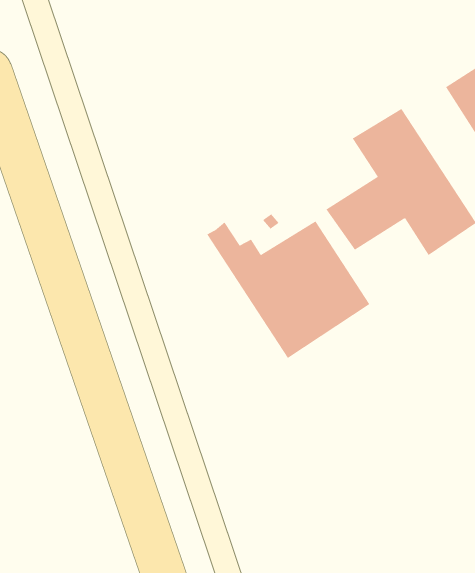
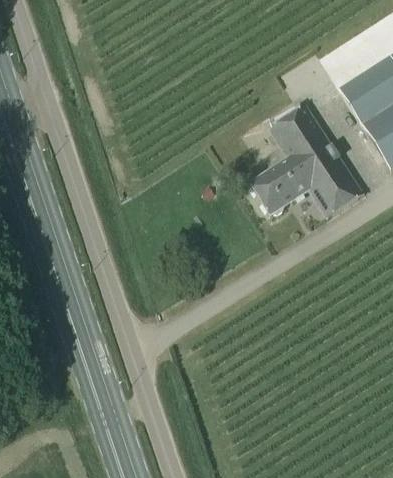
building: [207,221,370,359] -> none

